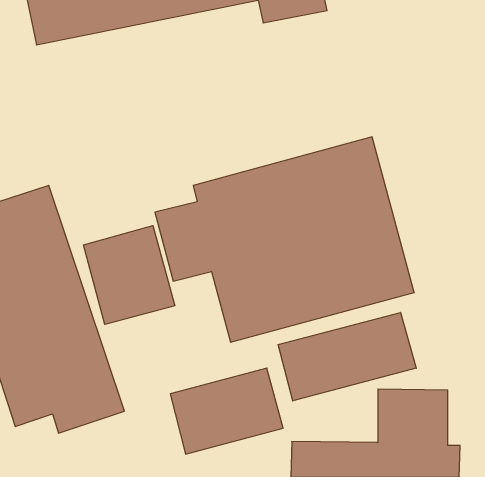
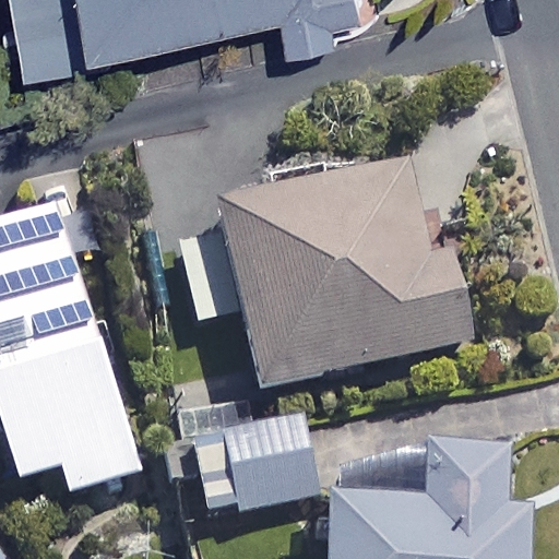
building: [84,226,175,324] -> none
building: [278,312,416,401] -> none

